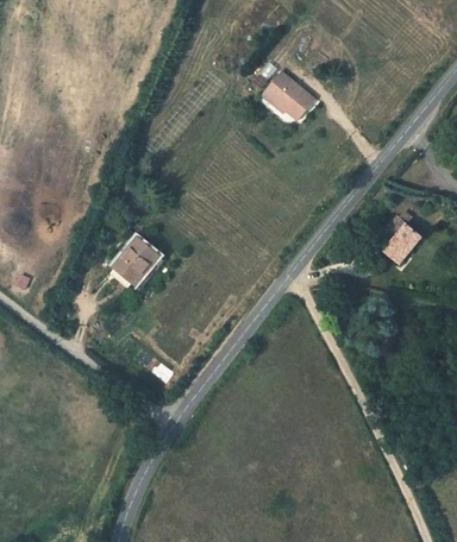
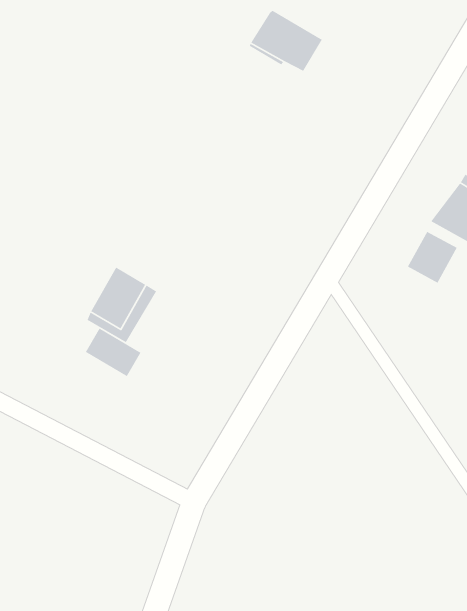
building: none -> [407,231,458,284]
building: none -> [85,327,141,377]

